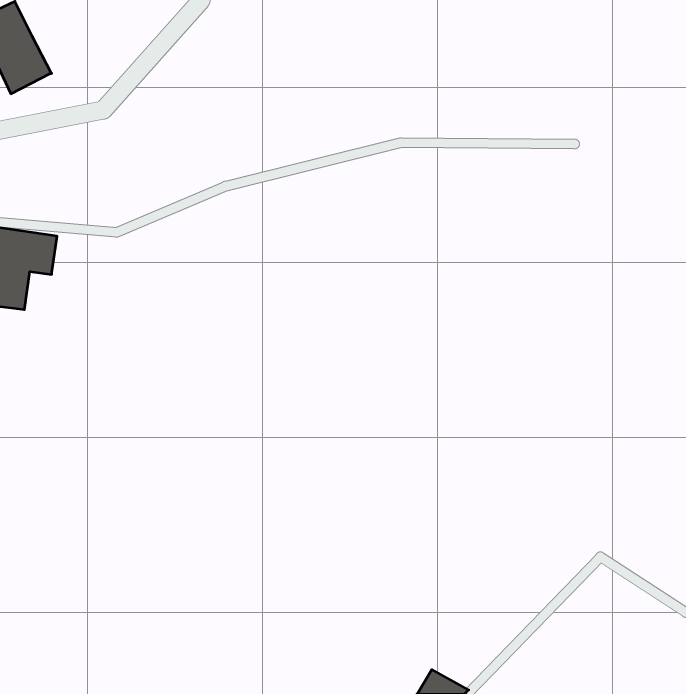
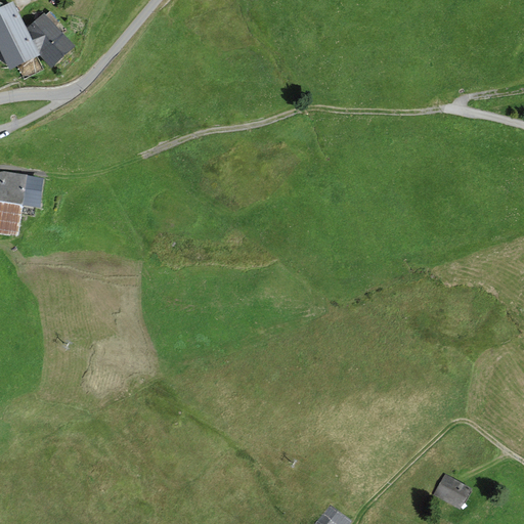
building: none -> [25,13,73,69]
building: none -> [432,474,470,510]

